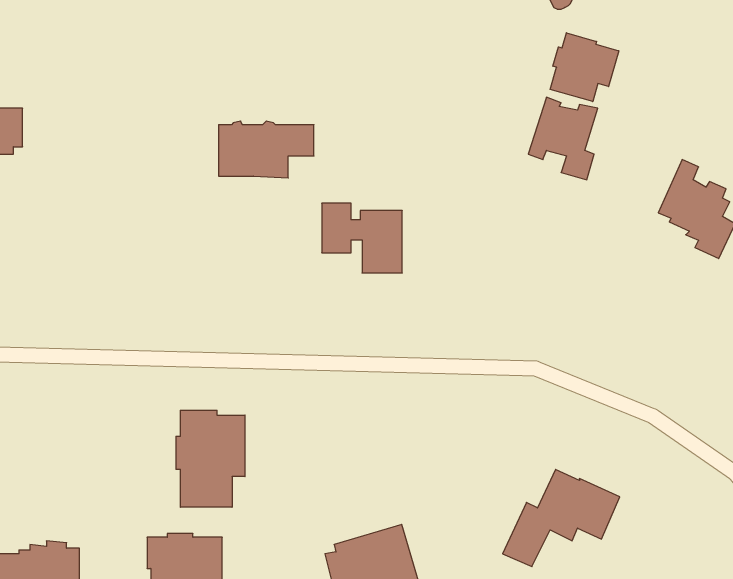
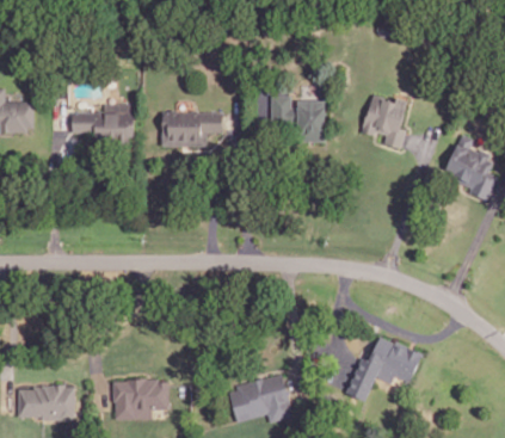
building: [550,33,619,102] -> none
building: none -> [72,104,131,144]
building: [322,203,402,273] -> [270,97,322,142]
building: [176,410,245,507] -> none

